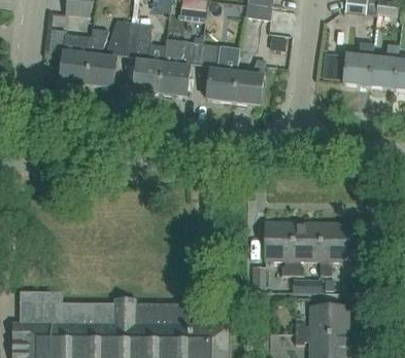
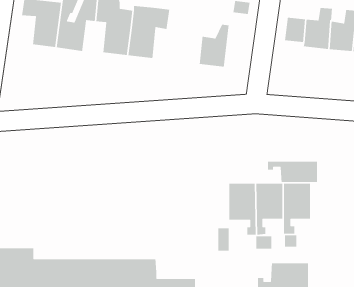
building: [201,44,240,102] -> none
building: none -> [267,161,318,183]

